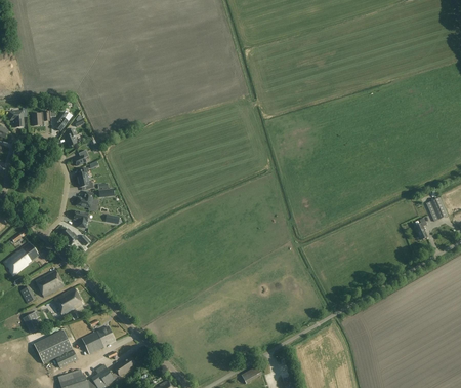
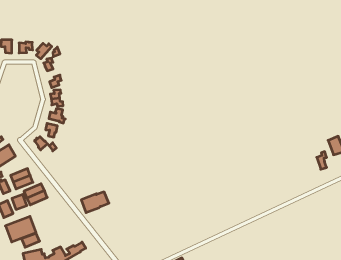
building: [81,326,116,354] -> [81,192,109,213]

